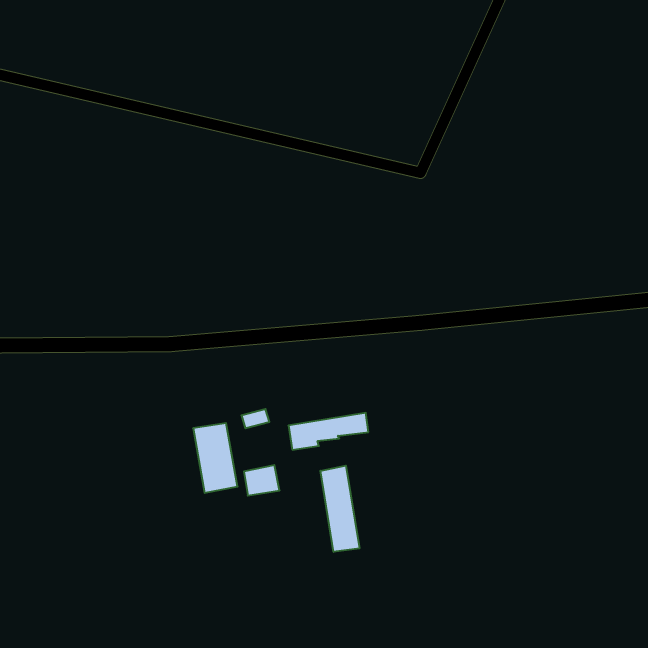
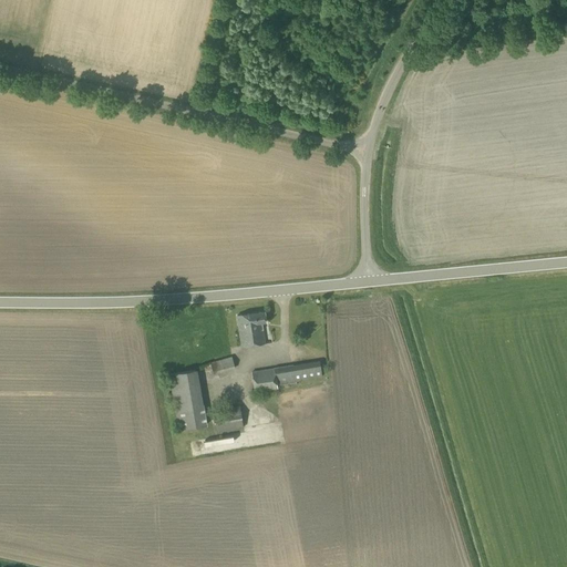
building: none -> [237,311,267,347]
building: [320,466,359,552] -> none

